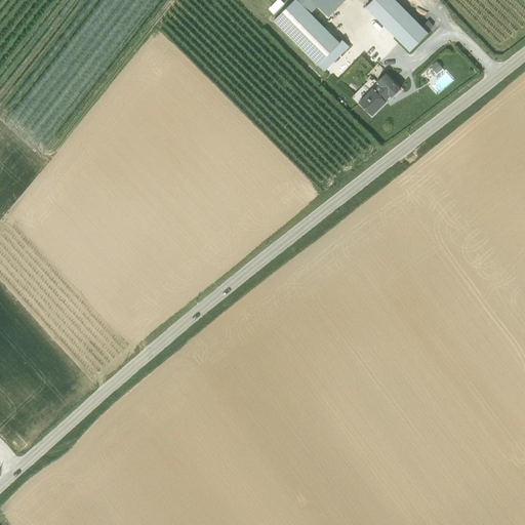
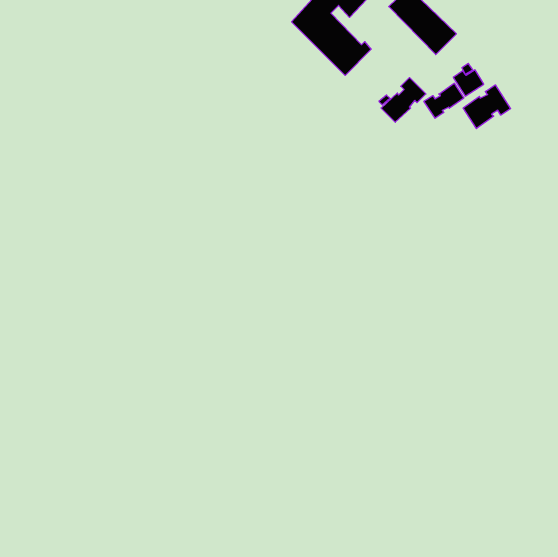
building: none -> [424,83,464,118]
building: none -> [463,85,511,129]

